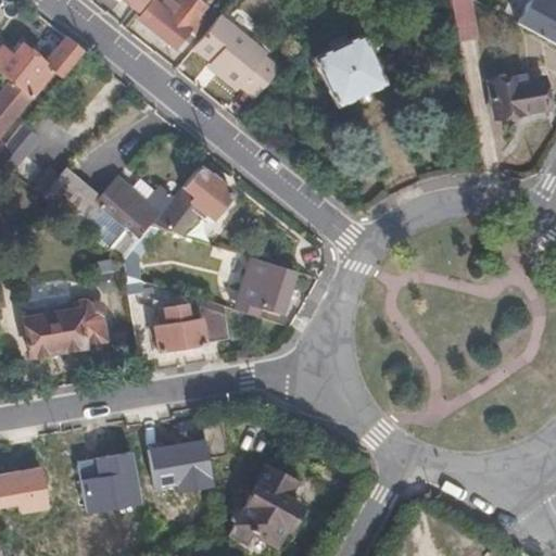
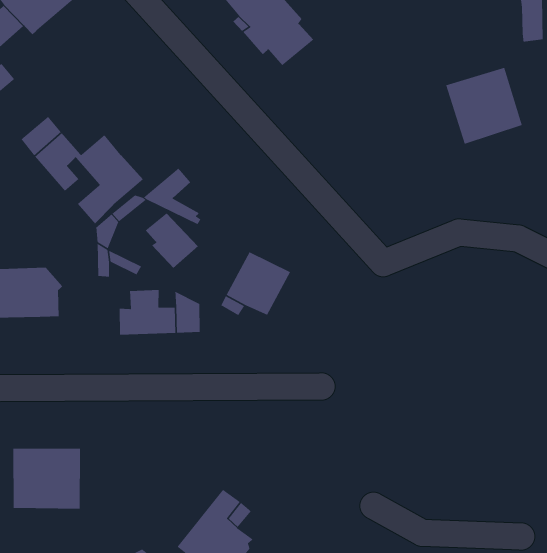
building: [314,33,387,105] -> [445,67,523,145]
building: [181,167,230,215] -> [145,212,199,269]
building: [150,433,225,495] -> none

